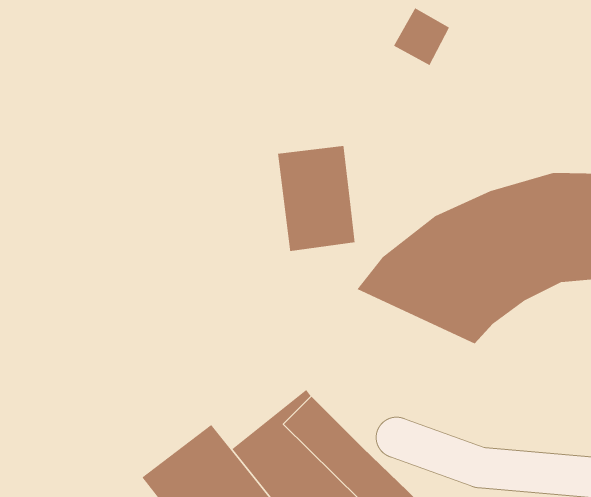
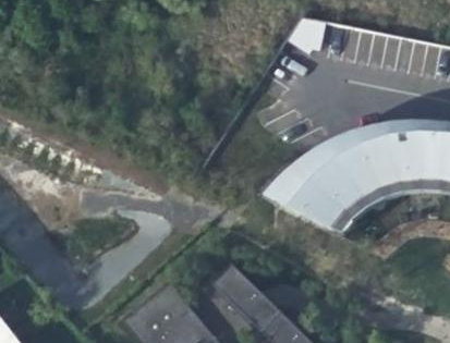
building: [278,145,355,252] -> none

